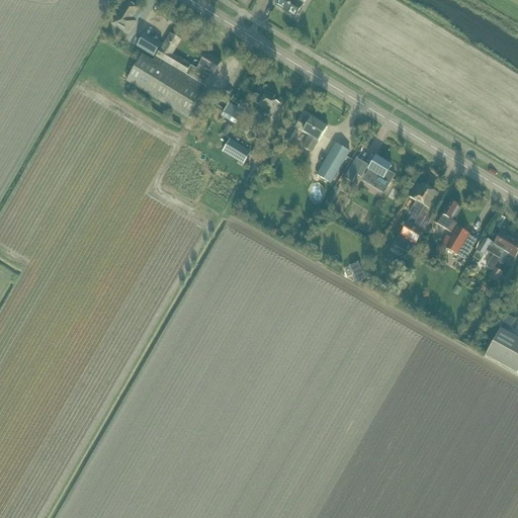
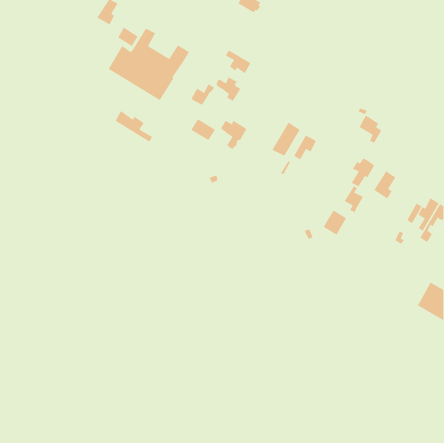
building: none -> [225,49,251,74]
building: [295,116,327,151] -> [220,120,247,150]
building: none -> [115,110,153,142]
building: [367,155,395,188] -> [359,115,382,144]
building: [444,226,477,258] -> none
building: none -> [323,210,347,235]

